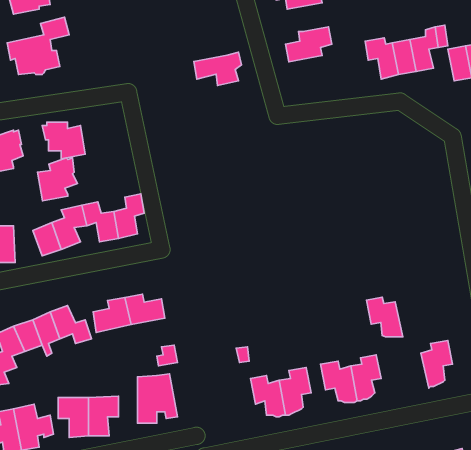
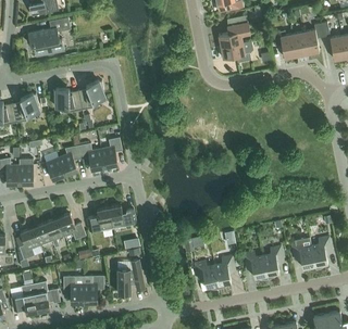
building: [194,52,242,85] -> [220,40,252,63]
building: [38,158,77,201] -> [77,80,104,110]
building: [366,297,403,337] -> [290,242,315,269]

